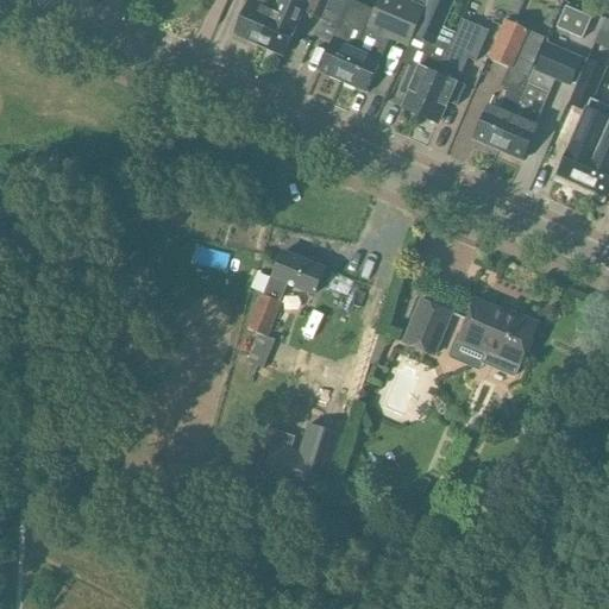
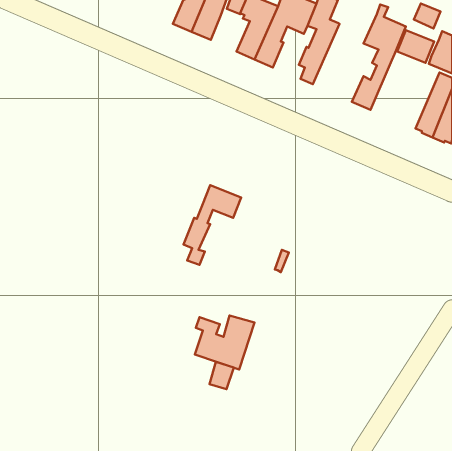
building: [420,17,488,121] -> none
building: [497,81,550,158] -> none
building: [402,297,451,353] -> none
building: [457,297,536,376] -> none
building: none -> [209,362,234,389]

